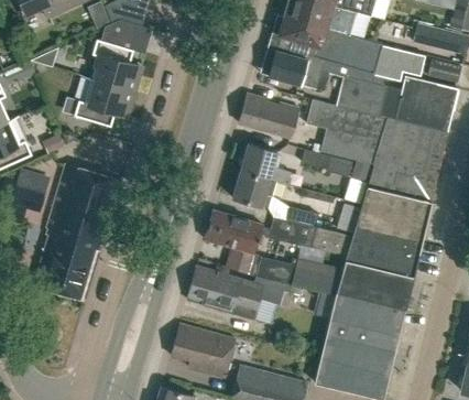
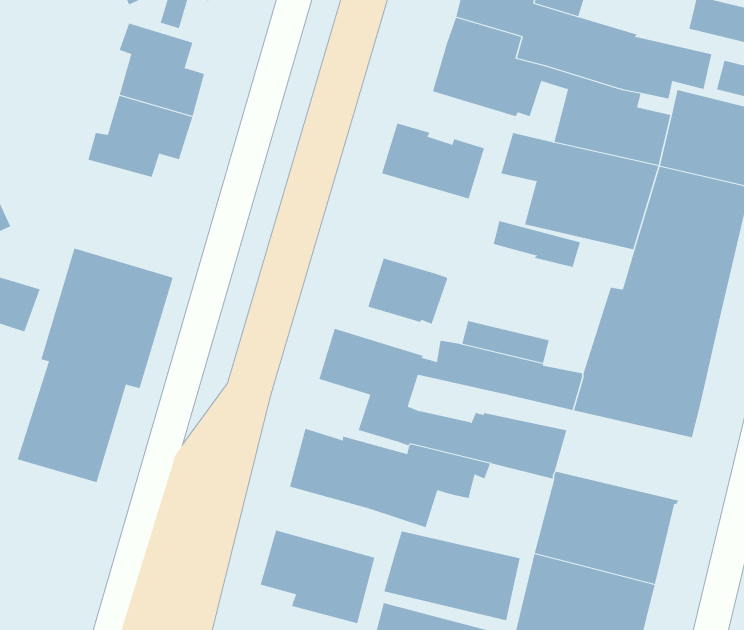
building: [240,144,291,185] -> none
building: [337,257,414,307] -> [383,531,521,621]

